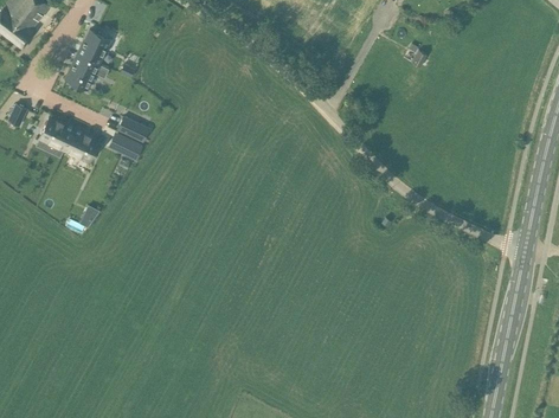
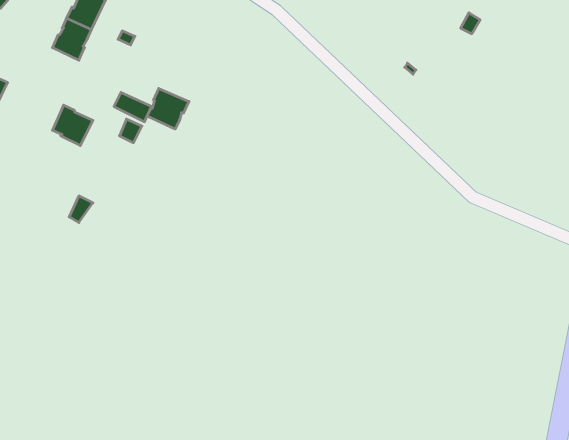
building: none -> [147,88,189,129]
building: [39,117,75,149] -> none

